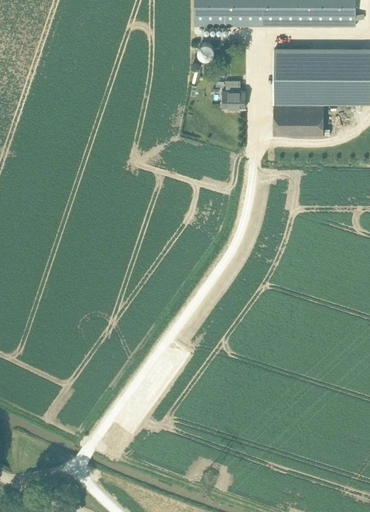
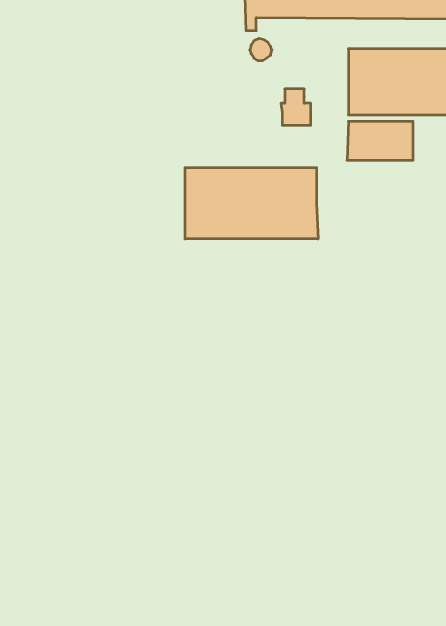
building: none -> [185,168,318,239]

